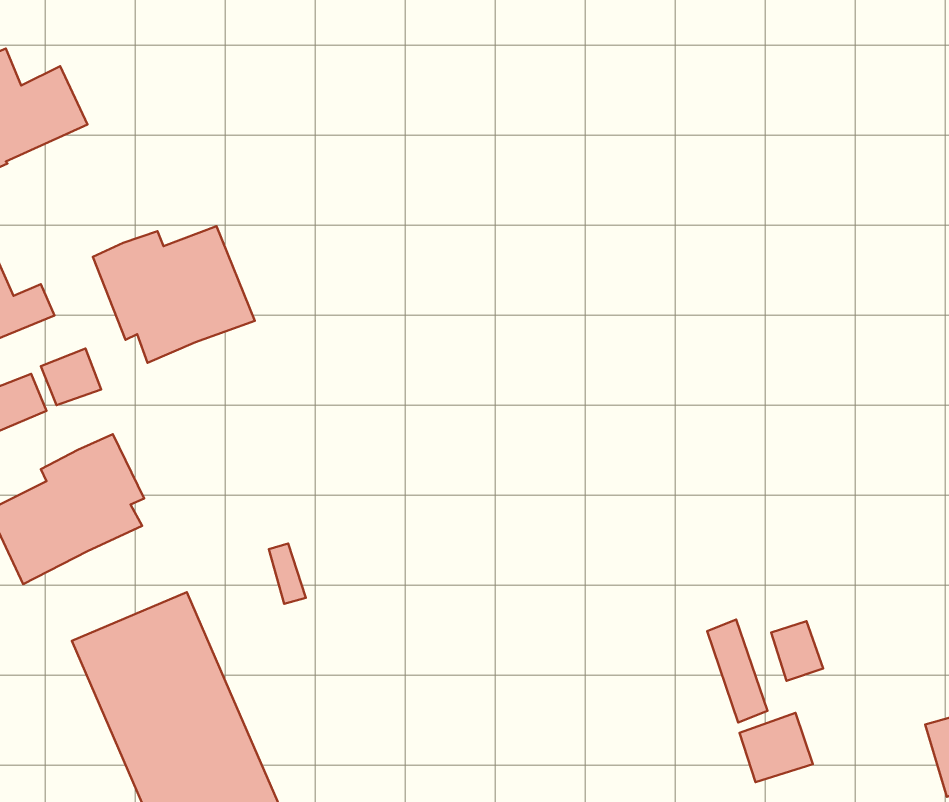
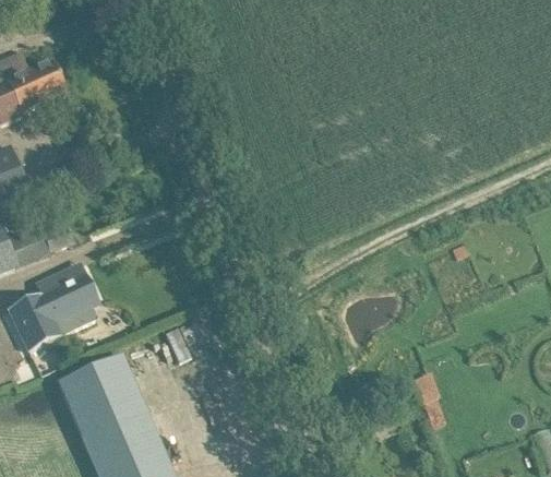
building: [93,226,255,363] -> none
building: [771,621,823,681] -> none
building: [740,713,813,782] -> none

